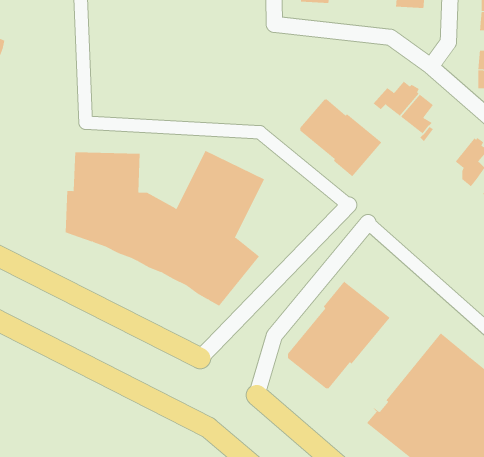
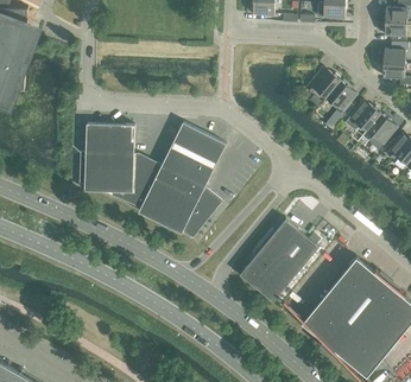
building: [300,99,382,177] -> none
building: none -> [344,104,380,130]

